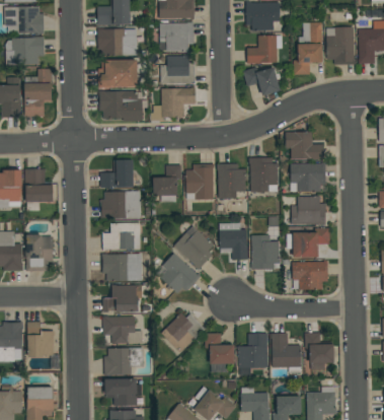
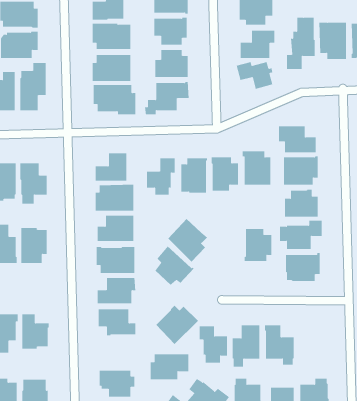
building: [219,223,247,260] -> none
building: [304,333,333,369] -> none
building: [103,348,143,374] -> [150,354,189,380]

